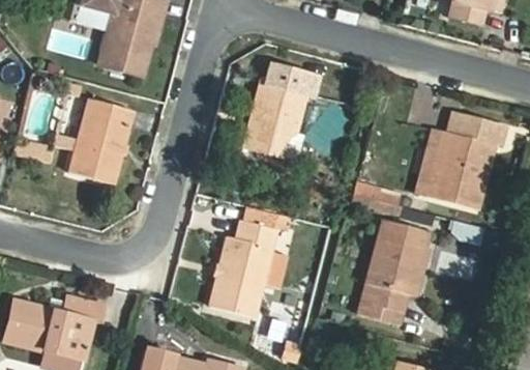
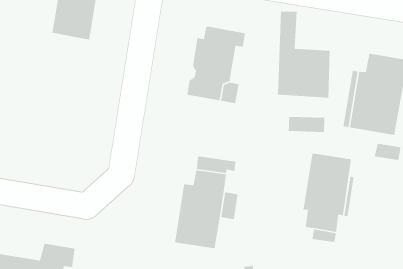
building: none -> [277,11,330,98]
building: [70,97,138,184] -> none

